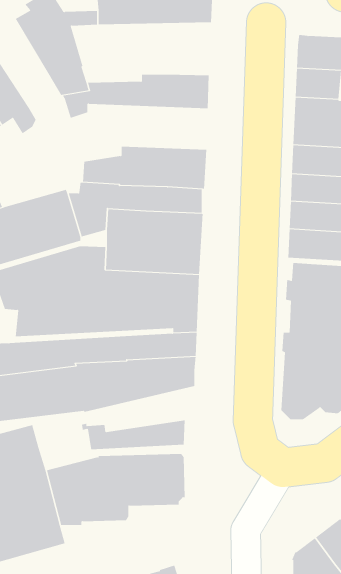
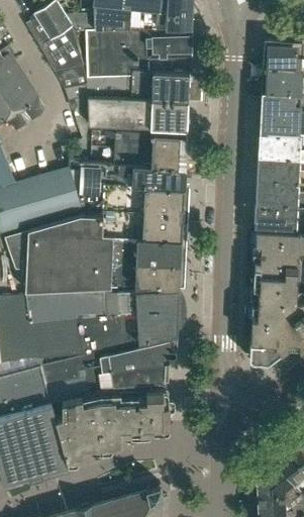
building: none -> [88,30,193,80]
building: none -> [74,98,190,131]
building: none -> [42,340,179,387]

